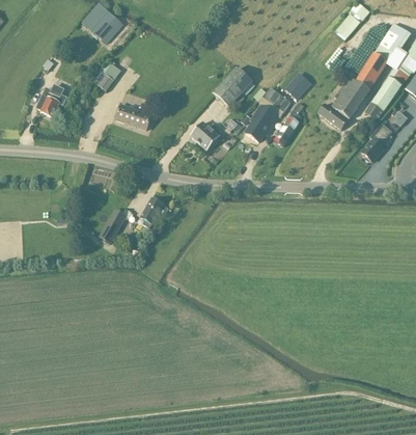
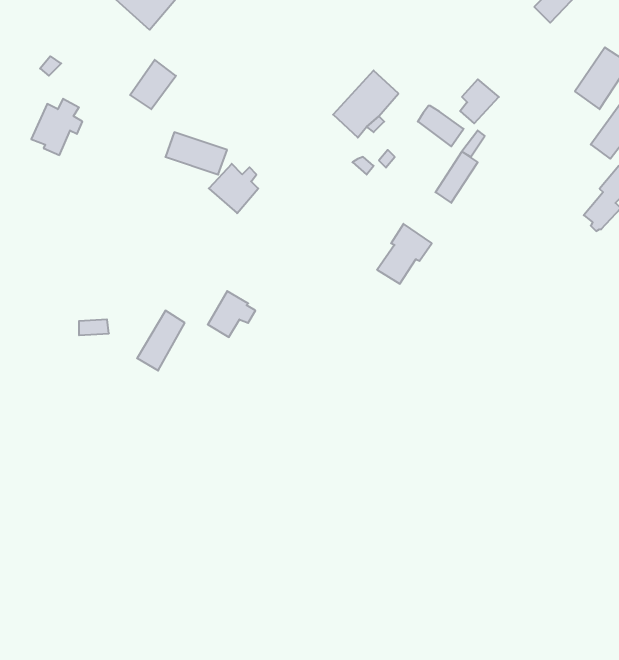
building: [318,75,370,129] -> none
building: [246,104,278,139] -> [377,224,432,284]
building: [190,120,219,149] -> [209,164,258,213]

